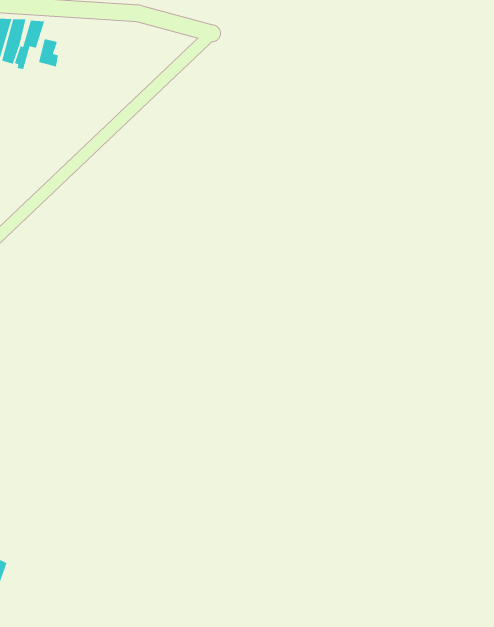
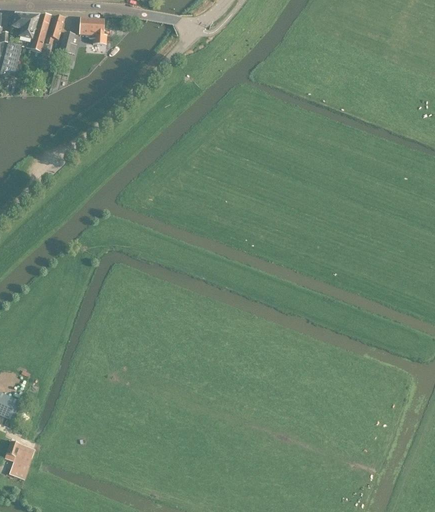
building: none -> [79,19,106,44]

